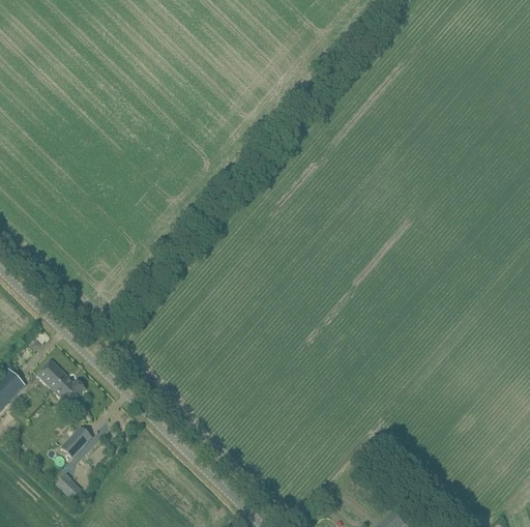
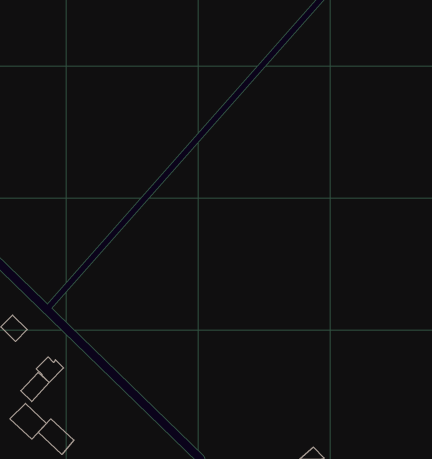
building: [55,376,86,405] -> [36,357,64,382]
building: none -> [38,419,74,454]

